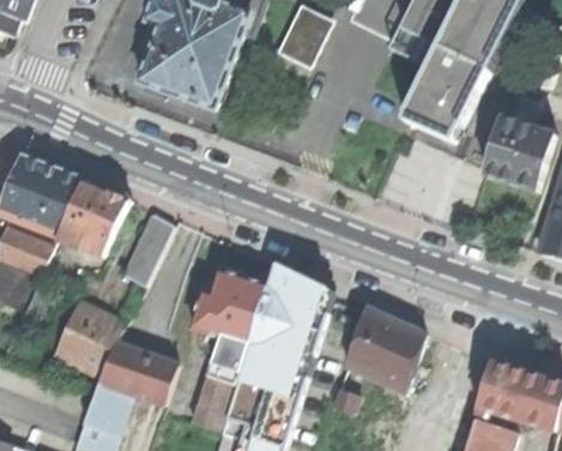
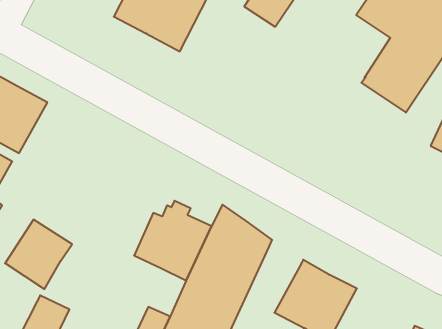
building: [56,179,128,253] -> none
building: [122,211,173,283] -> none
building: [207,336,248,385] -> none
building: [98,342,177,402] -> none

